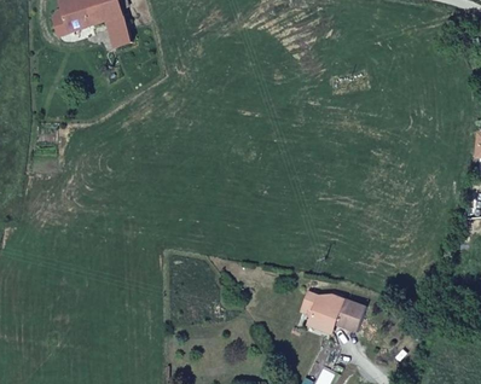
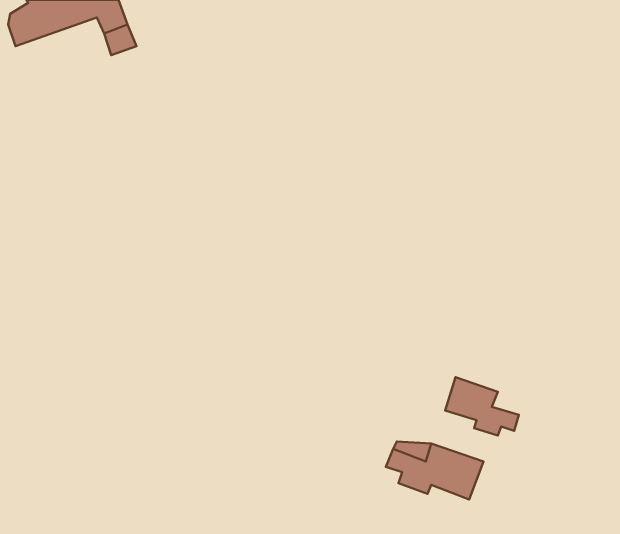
building: none -> [445,377,519,436]

